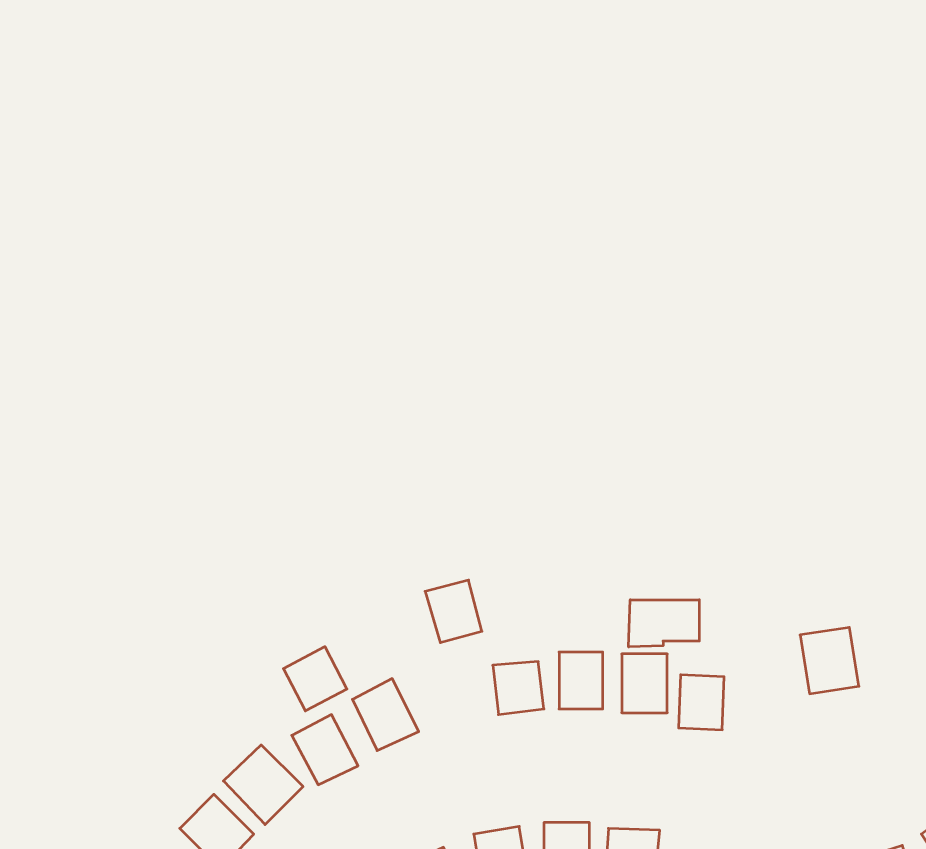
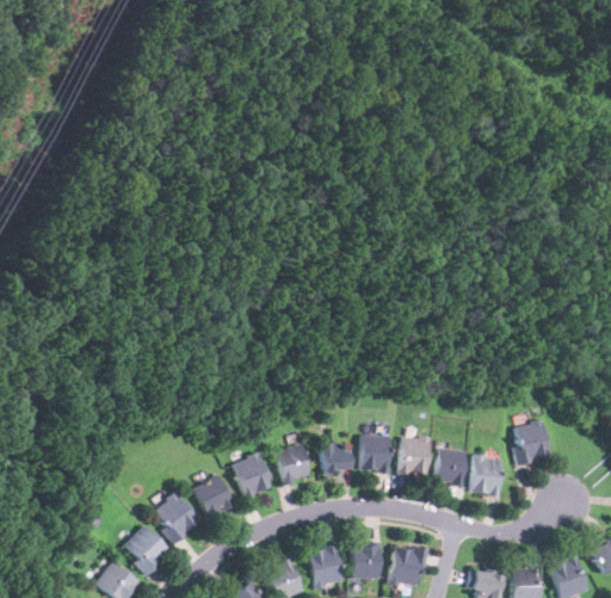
building: [425,580,482,643] -> [274,444,310,483]
building: [629,600,699,647] -> none
building: [283,647,347,711] -> none
building: none -> [473,457,501,494]

